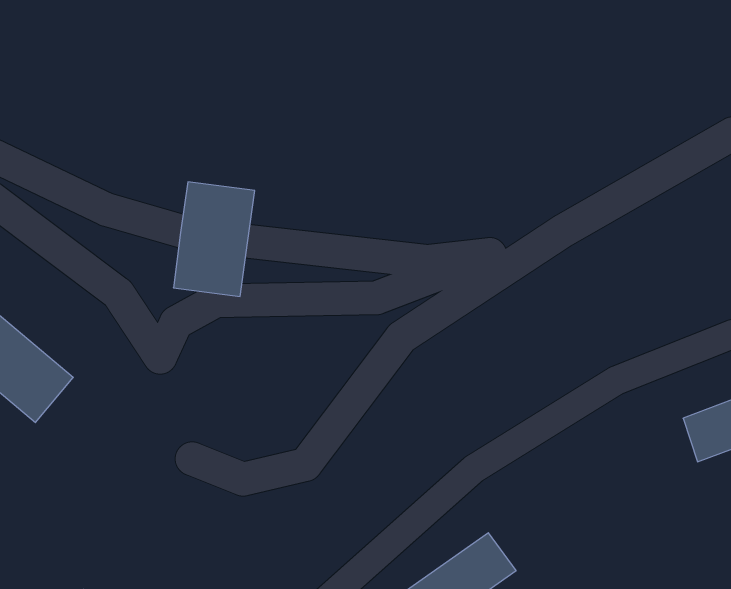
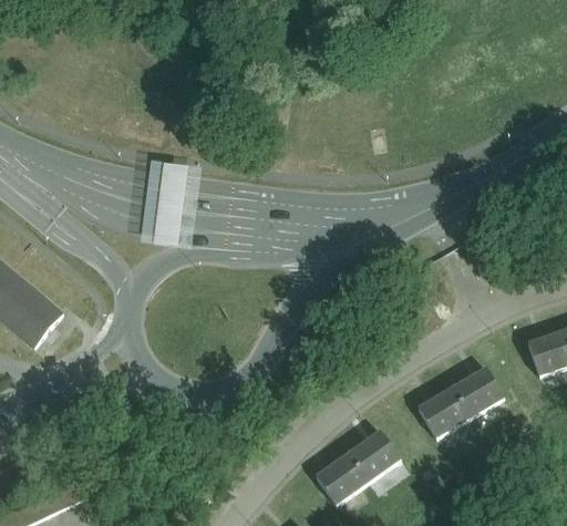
building: none -> [417,367,503,437]

